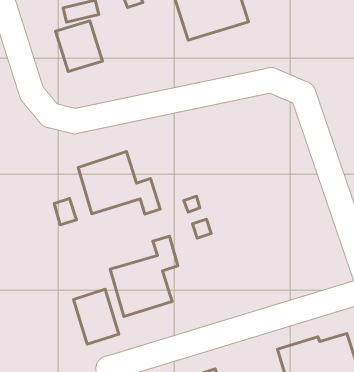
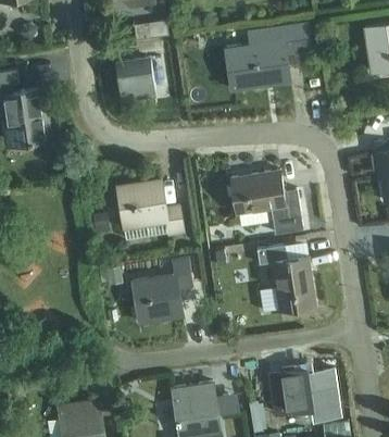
building: none -> [231,171,300,220]
building: none -> [256,246,315,310]
building: [73,289,119,344] -> none

